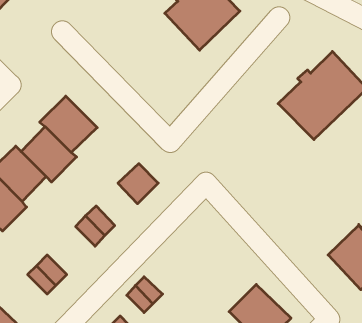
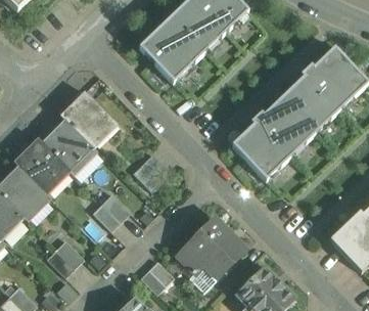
building: none -> [139,13,209,82]
building: none -> [233,98,316,180]
building: none -> [178,219,244,293]

